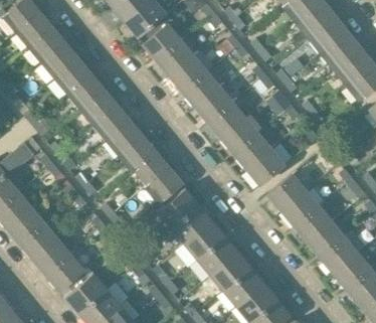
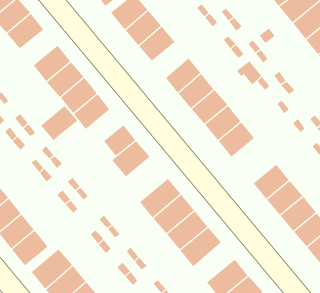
building: [54,59,91,95] -> none
building: [183,71,219,107] -> none
building: [119,137,156,172] -> [40,105,78,141]
building: [268,174,305,209] -> none
building: [158,187,199,227] -> none
building: [223,267,264,306] -> none

